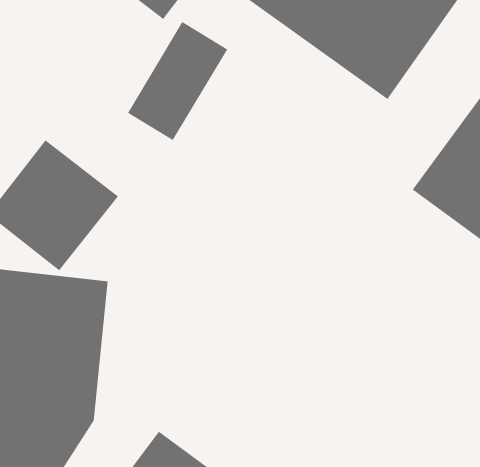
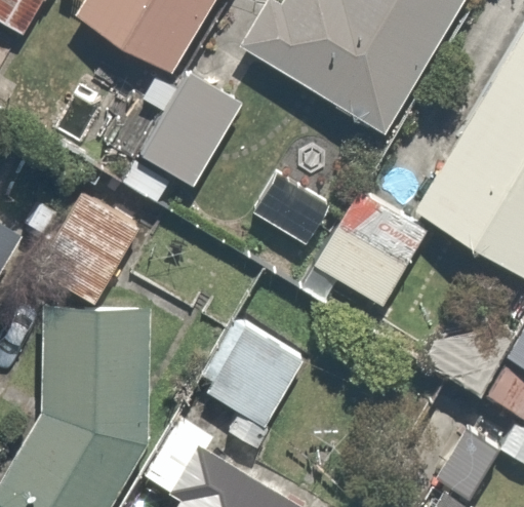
building: none -> [317,198,421,304]
building: none -> [200,323,312,429]

